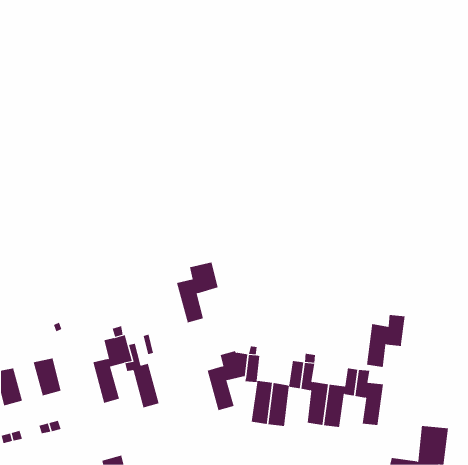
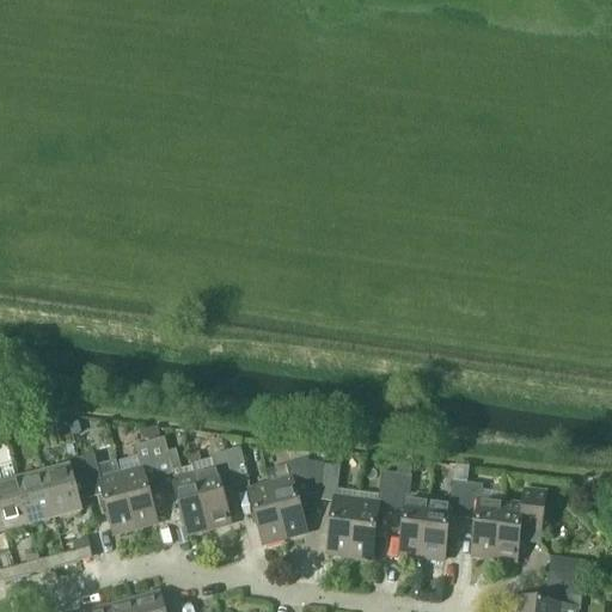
building: [176,262,218,323] -> [194,446,249,526]
building: [366,314,405,368] -> [494,489,545,558]
building: none -> [79,454,135,531]
building: none -> [18,472,55,522]
building: none -> [249,483,284,541]

